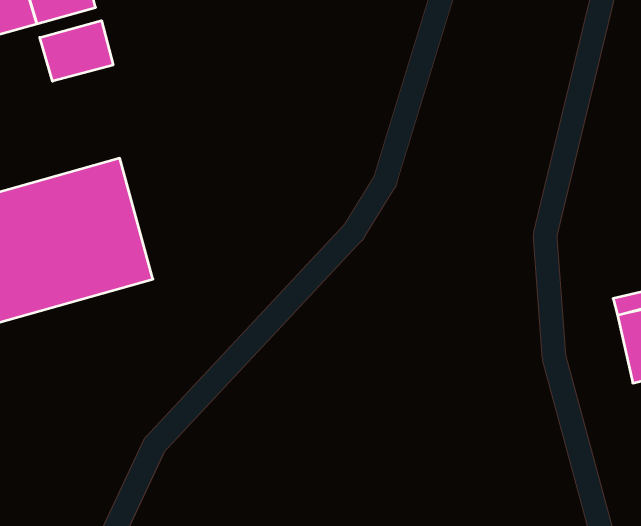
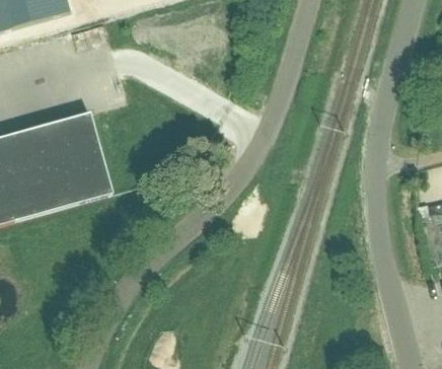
building: [40,21,113,81] -> none

